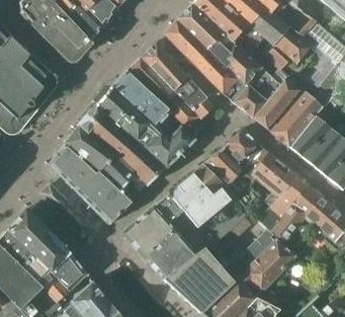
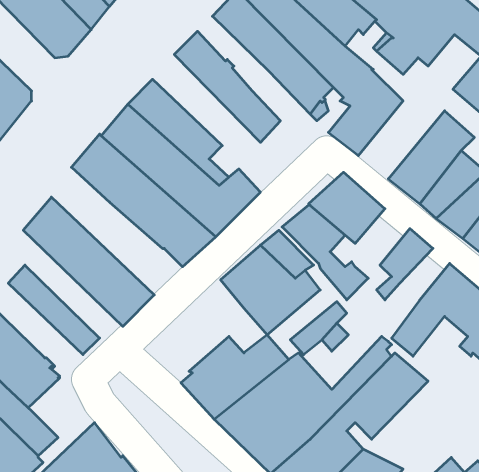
building: [127,57,214,128] -> none
building: [253,79,299,129] -> none
building: [65,126,137,204] -> none
building: [245,151,284,186] -> none
building: [258,175,309,232] -> none
building: [125,194,183,257] -> none
building: [52,254,87,291] -> none

